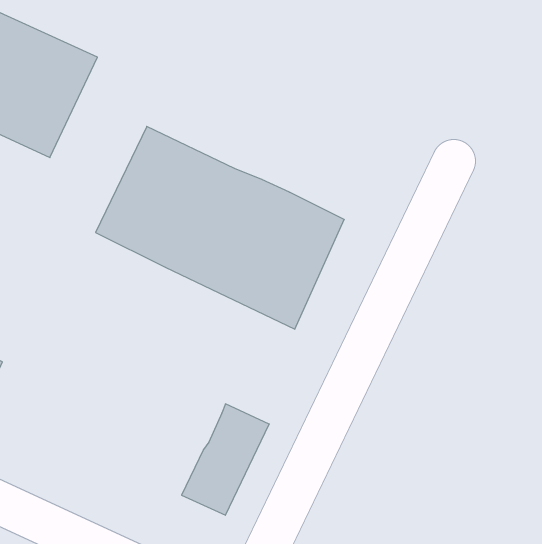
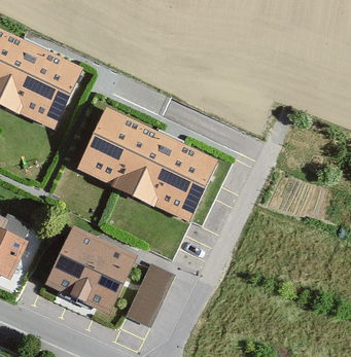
building: none -> [45,227,136,314]

